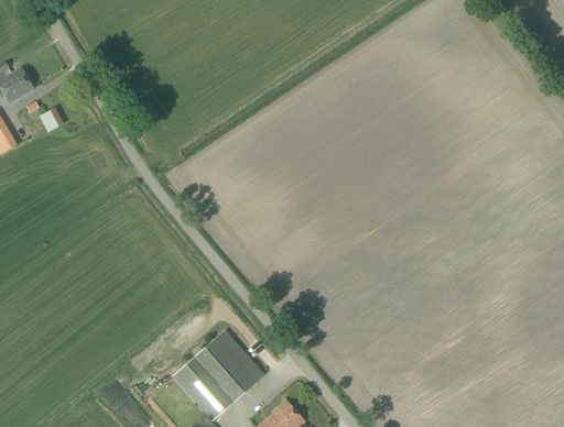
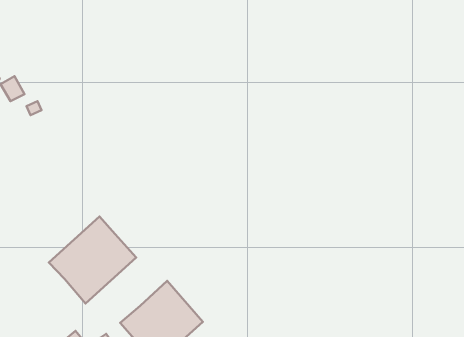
building: none -> [49,216,136,303]

